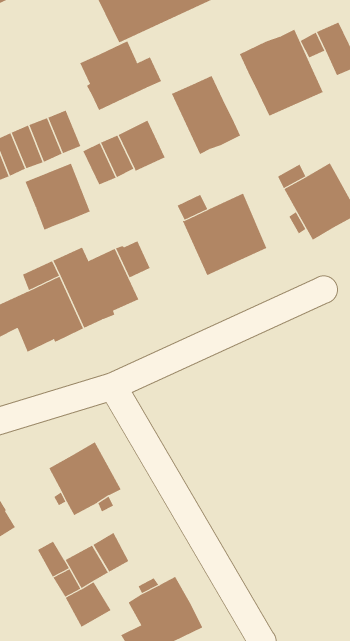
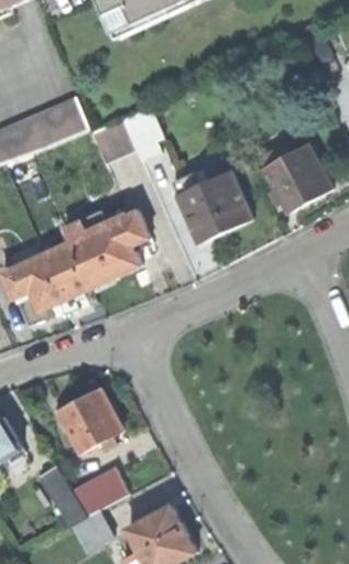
building: [239,29,324,117] -> none
building: [79,41,162,111] -> none
building: [171,75,241,155] -> none
building: [25,163,91,230] -> none

